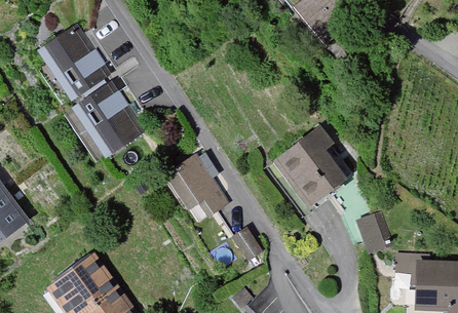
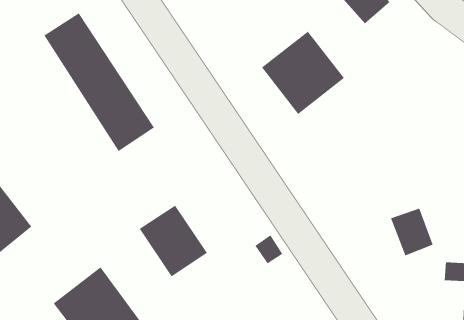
building: [278,130,353,205] -> [261,31,345,115]
building: [164,157,226,222] -> [139,205,208,277]

